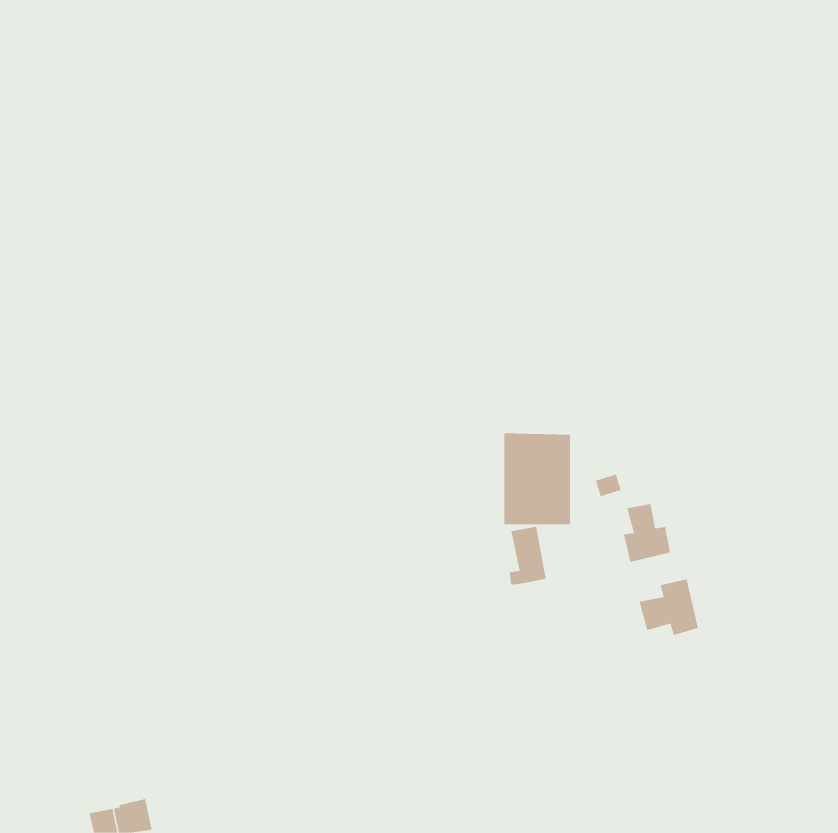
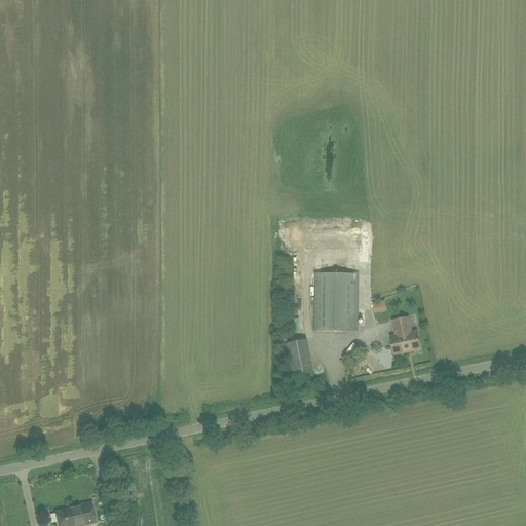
building: [509,526,547,585] -> [283,339,306,376]
building: [639,579,698,636] -> none

